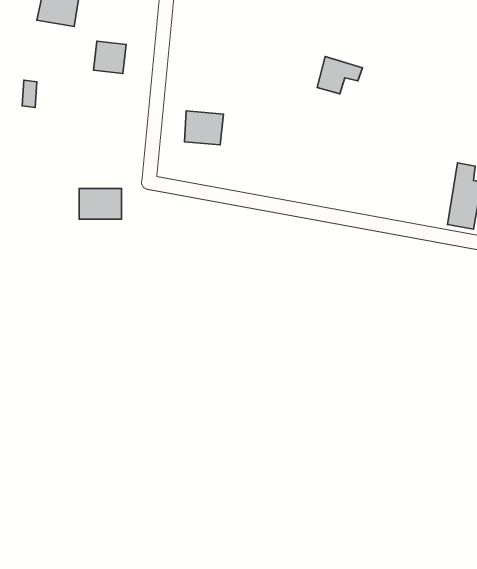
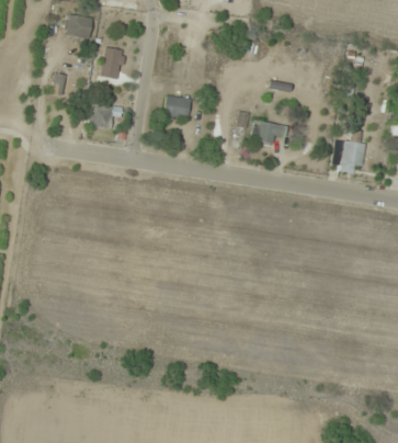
building: [317,57,363,94] -> [257,121,287,146]
building: [79,188,121,219] -> [90,106,118,127]

